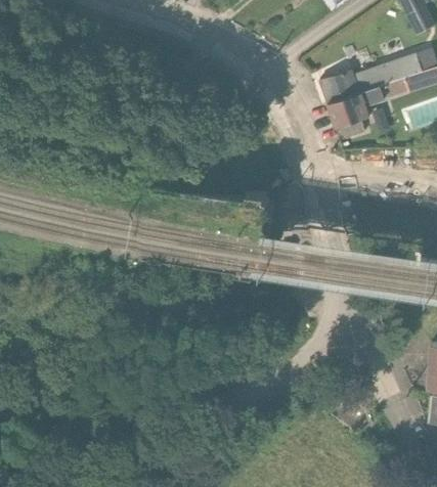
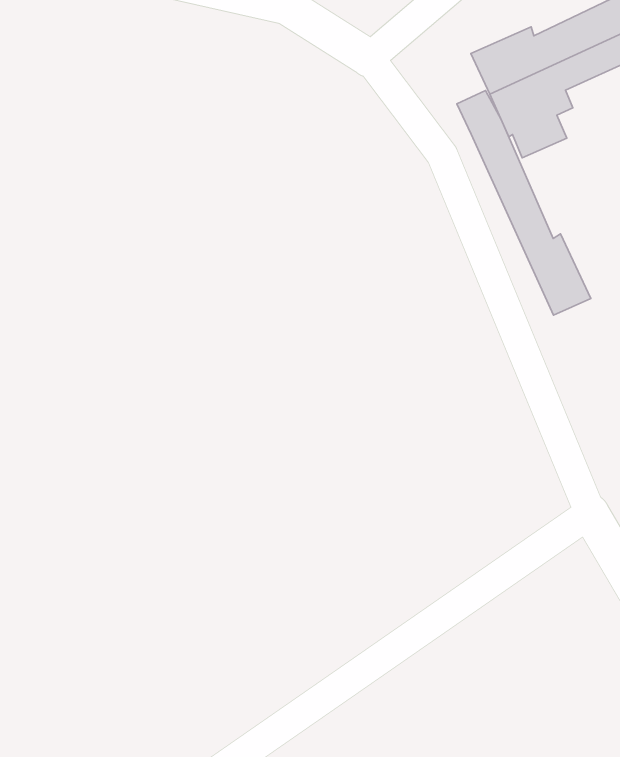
building: none -> [457,91,591,315]

